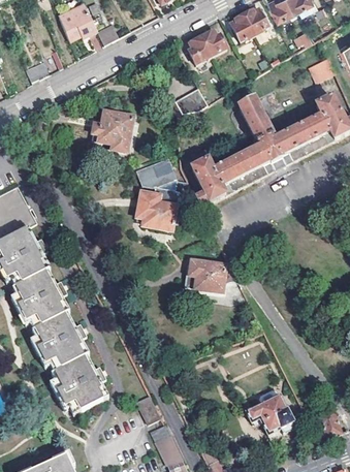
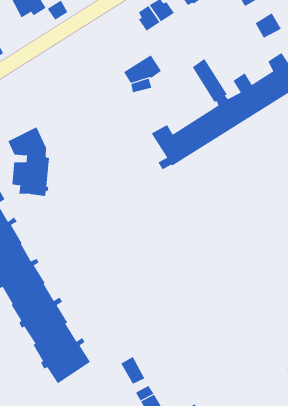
building: [90,111,131,151] -> none
building: [135,157,177,229] -> [8,126,50,197]
building: [183,260,240,290] -> none
building: [245,394,295,435] -> none

